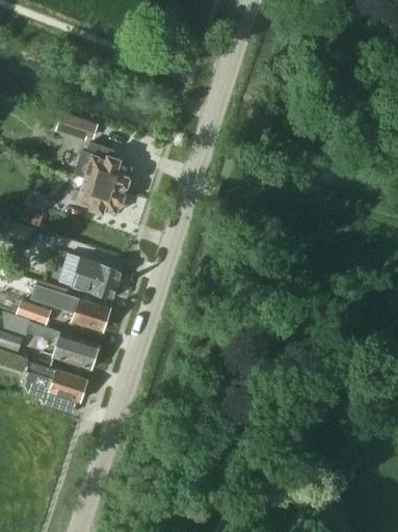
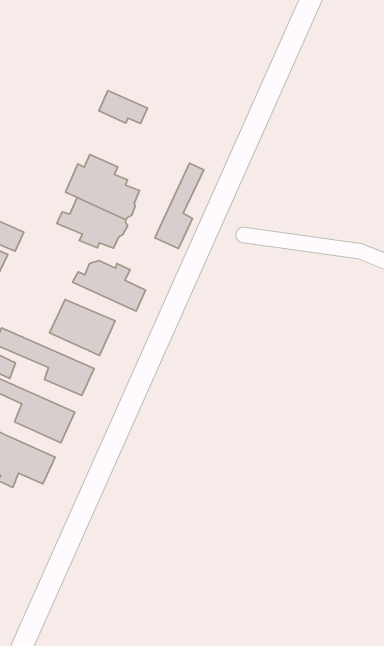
building: [58,114,96,138] -> [99,90,148,123]
building: none -> [155,163,204,249]
building: none -> [72,261,146,311]

